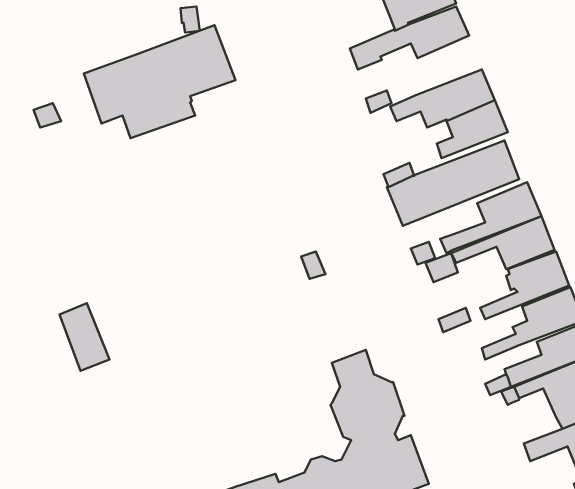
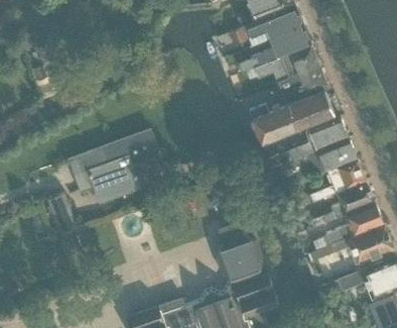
building: [84,25,235,138] -> [69,130,163,201]
building: none -> [254,25,310,67]

